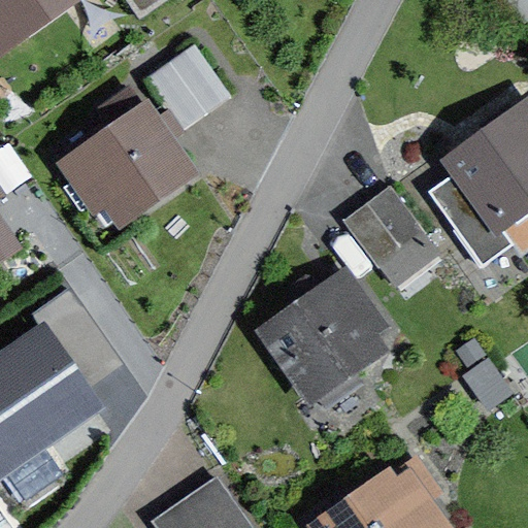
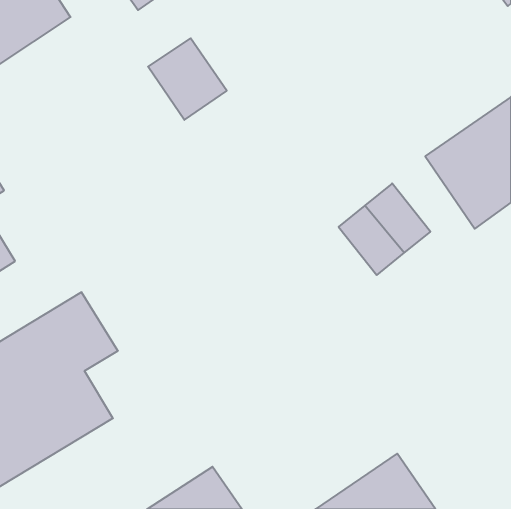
building: [56,105,189,233] -> none
building: [254,275,393,415] -> none

